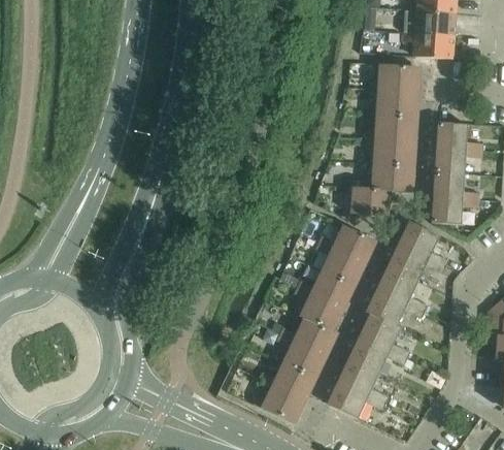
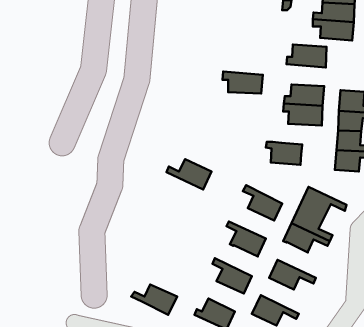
building: [369,89,419,117] -> [222,72,263,94]
building: [364,164,414,192] -> none
building: [398,221,449,266] -> none
building: [320,225,376,264] -> none
building: [298,270,355,309] -> [166,159,212,189]
building: [359,313,410,358] -> none
building: [280,317,338,356] -> none
building: [338,358,389,404] -> none
building: [259,362,316,400] -> [131,284,177,315]

